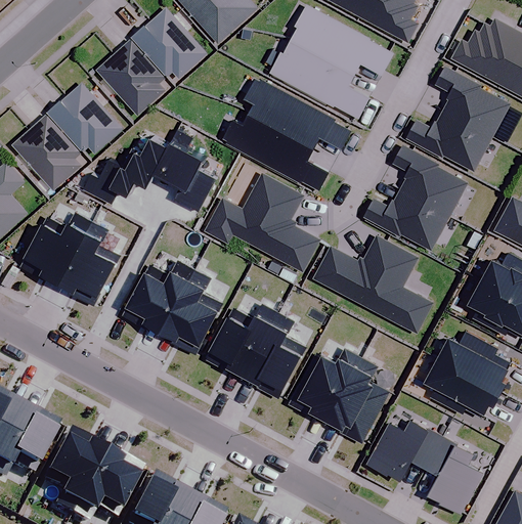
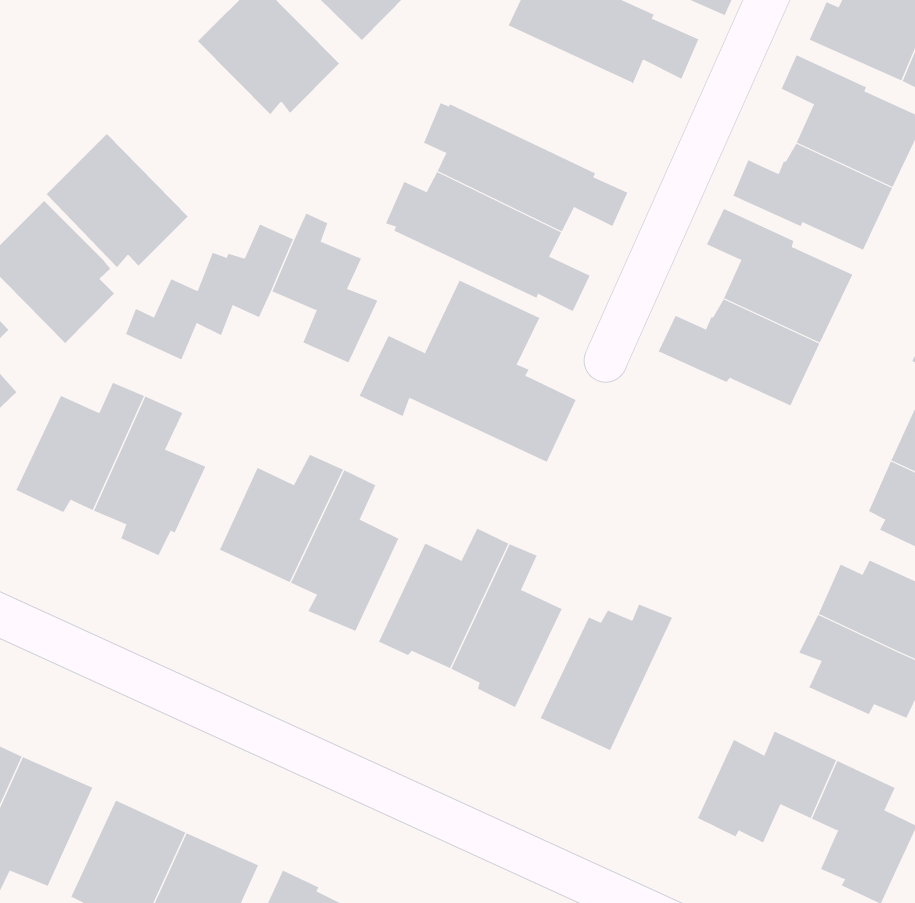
building: [272,41,373,120] -> none
building: [98,42,167,118] -> none
building: [313,235,433,332] -> none
building: [325,355,389,442] -> none

